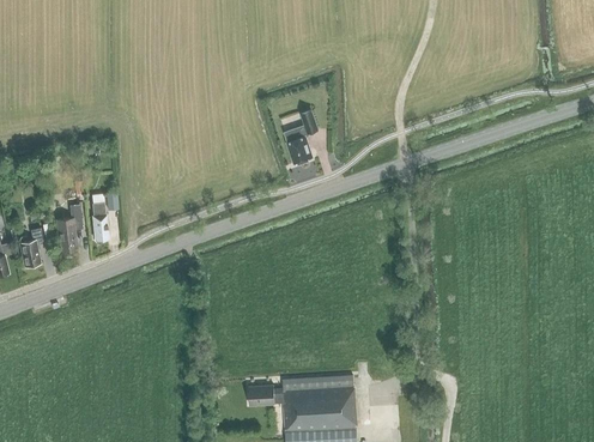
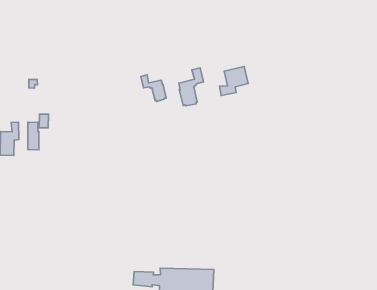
building: none -> [219,66,248,95]
building: none -> [141,75,166,102]

